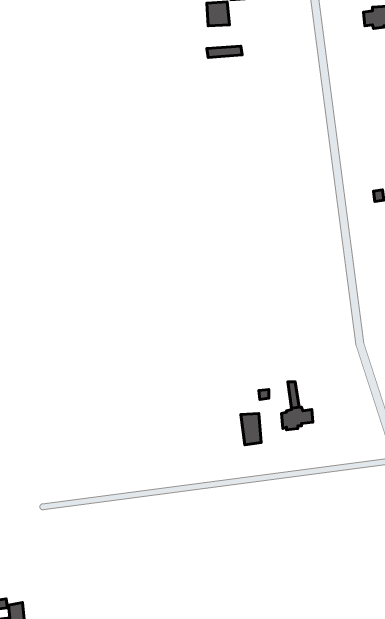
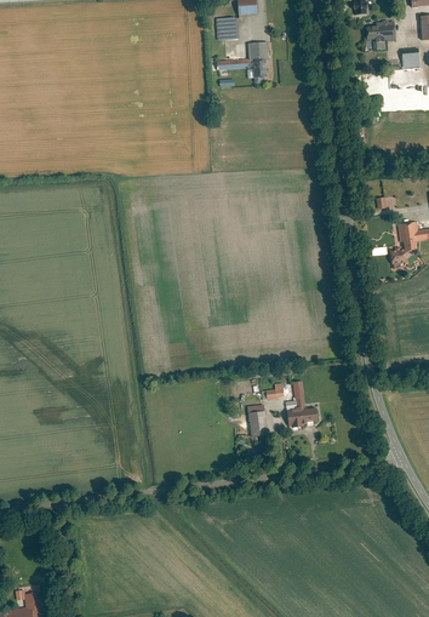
building: none -> [247,42,269,84]

